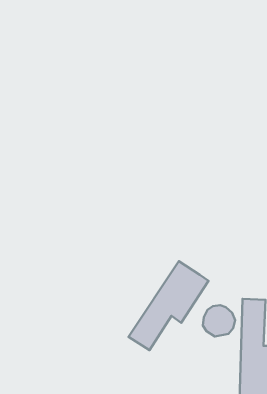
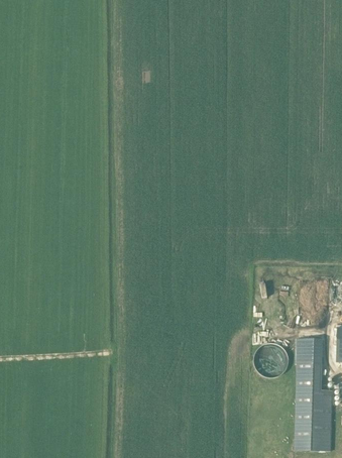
building: [129,261,209,350] -> none

